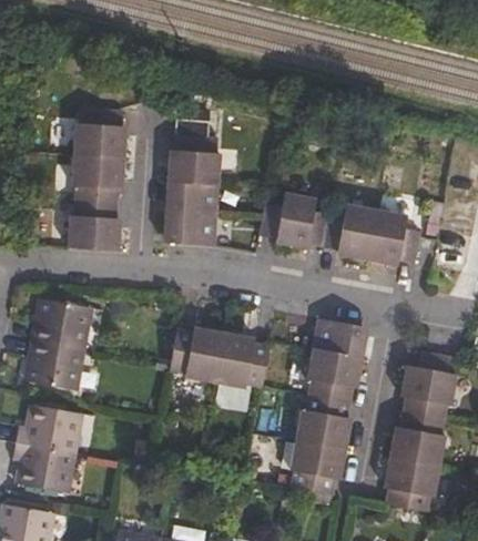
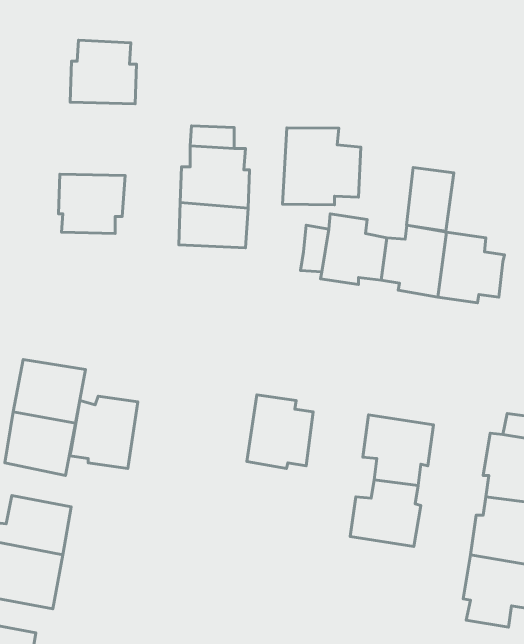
building: [71,109,123,159] -> [70,40,137,104]
building: none -> [283,128,361,205]
building: none -> [407,167,454,231]
building: [67,203,119,254] -> none
building: [162,213,216,246] -> none
building: [313,313,369,354] -> none
building: [172,326,225,382] -> [70,396,138,469]
building: [294,441,348,497] -> none

